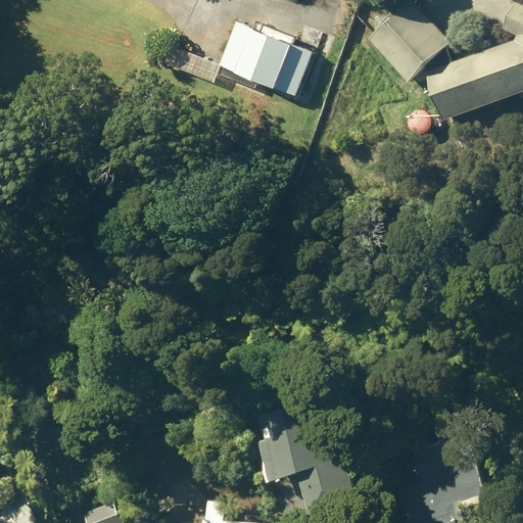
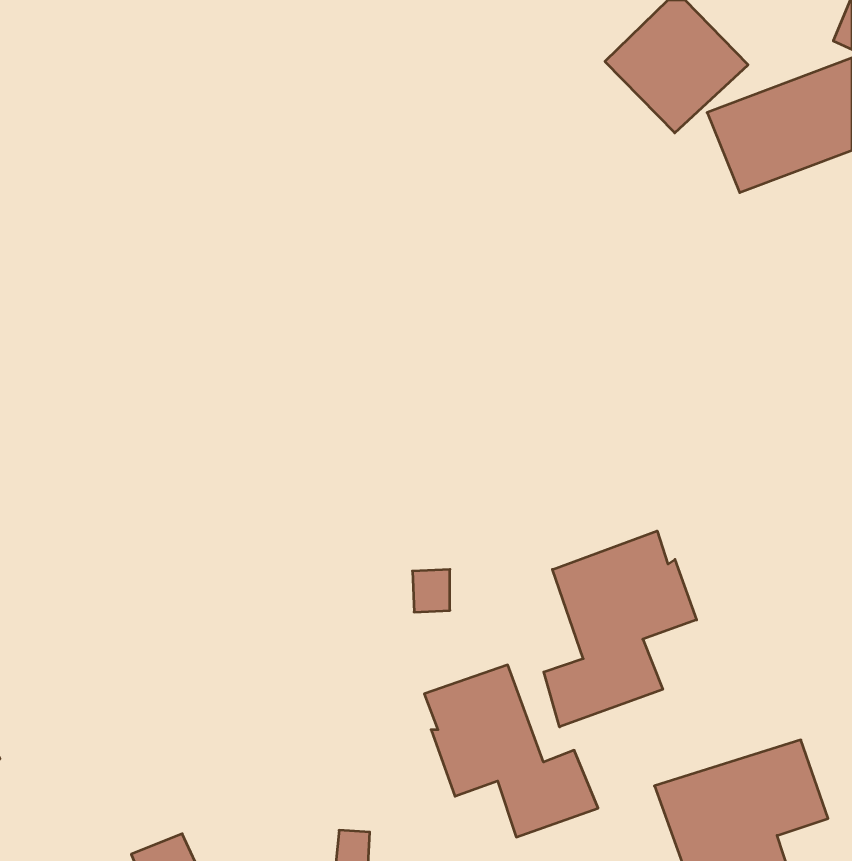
building: [213,21,311,97] -> none
building: none -> [544,531,697,727]

